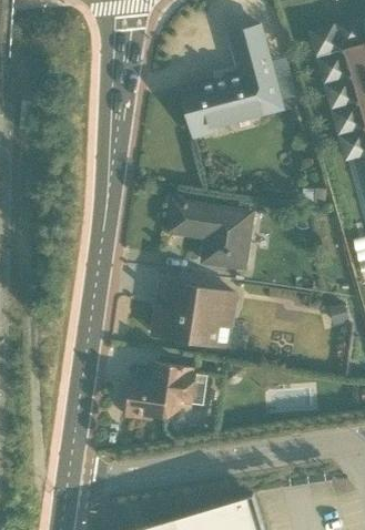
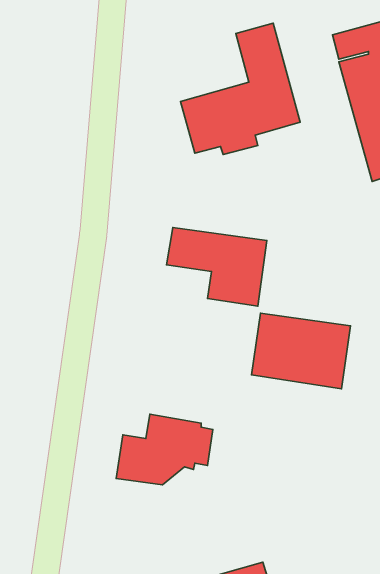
building: [153,282,239,347] -> [251,313,351,389]

